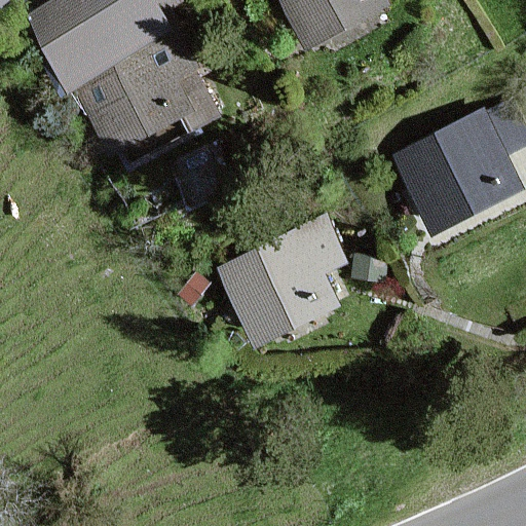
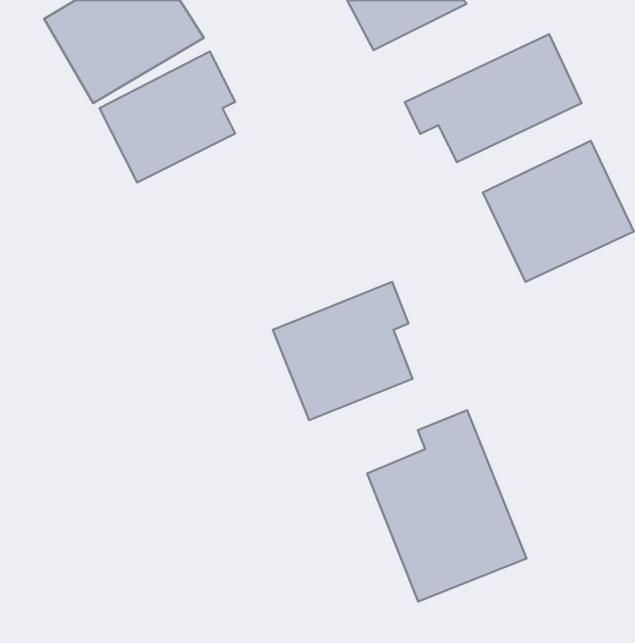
building: none -> [405,34,582,162]
building: none -> [367,410,526,602]

